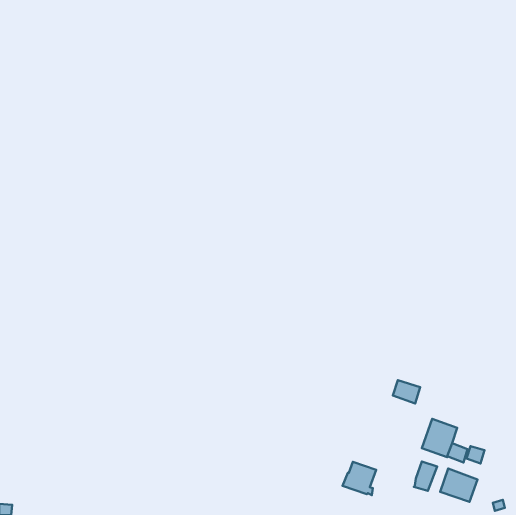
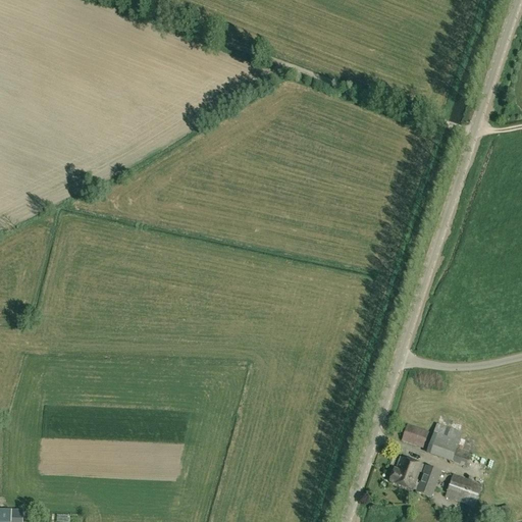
building: [393,380,420,404] -> [401,423,428,447]
building: [343,462,376,495] -> [388,456,422,489]

